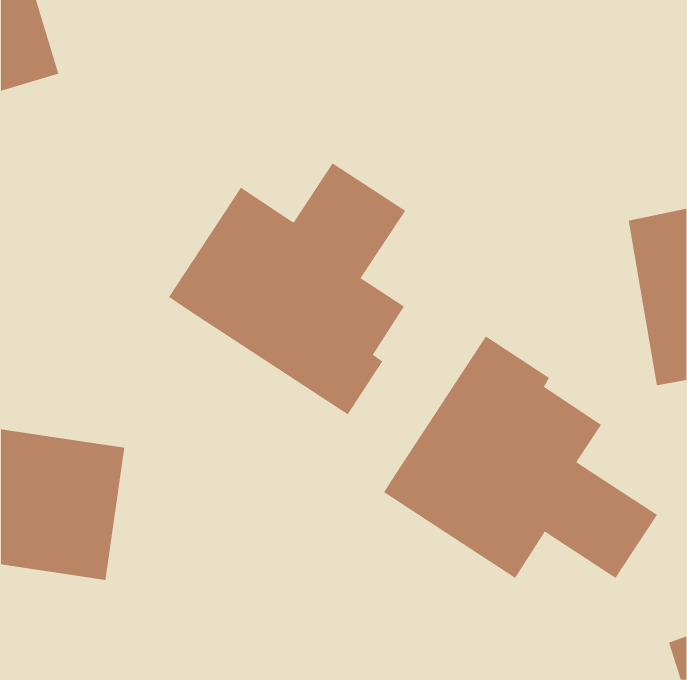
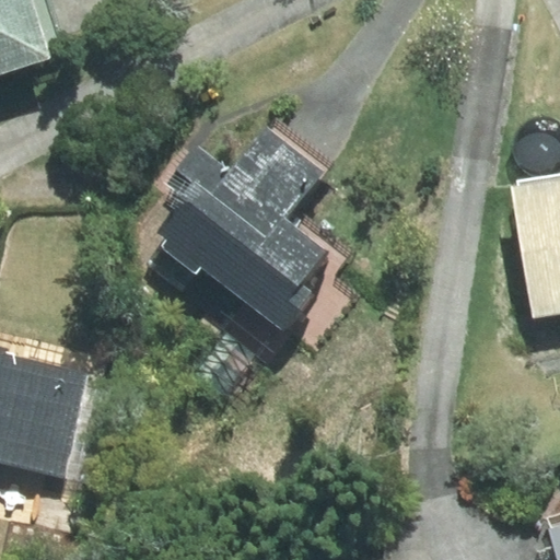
building: [383,335,658,579] -> none

